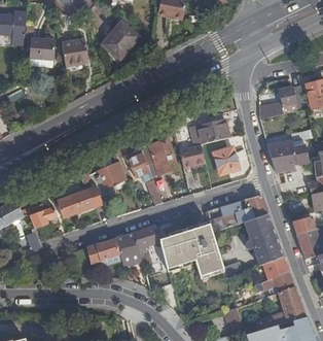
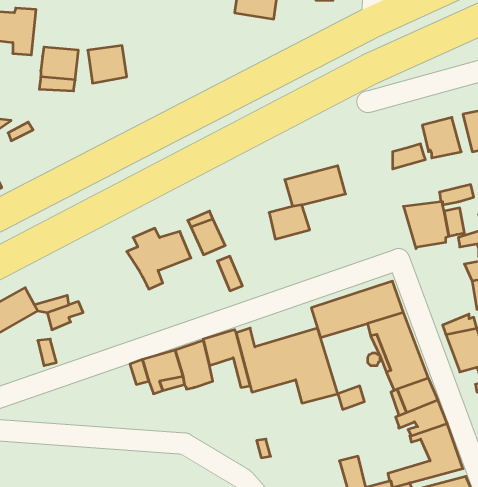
building: [103,21,138,57] -> none
building: [148,137,177,175] -> none
building: [214,145,240,173] -> none
building: [56,186,103,216] -> none

